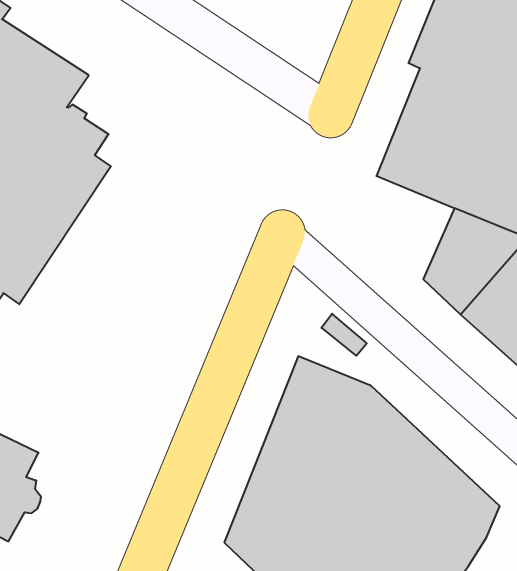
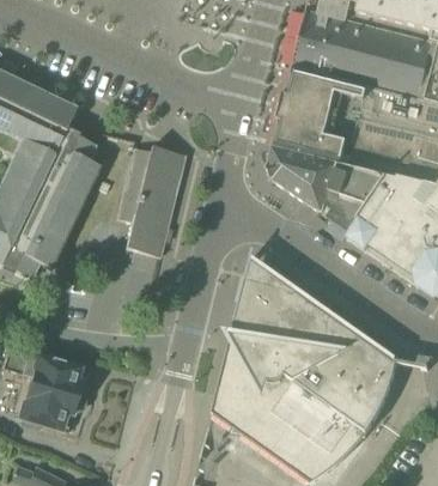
building: none -> [117,145,187,255]
building: none -> [268,145,339,212]

